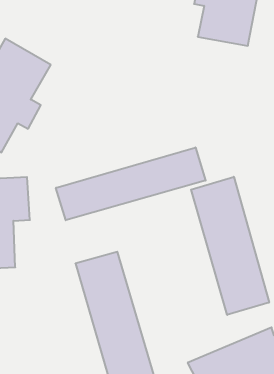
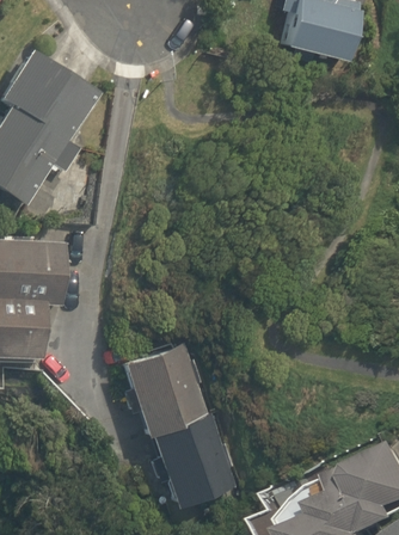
building: [56,147,206,220] -> none
building: [191,177,269,315] -> none

